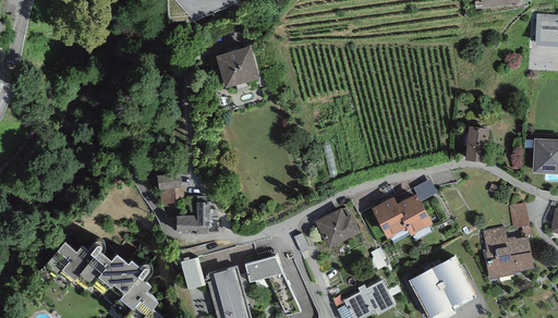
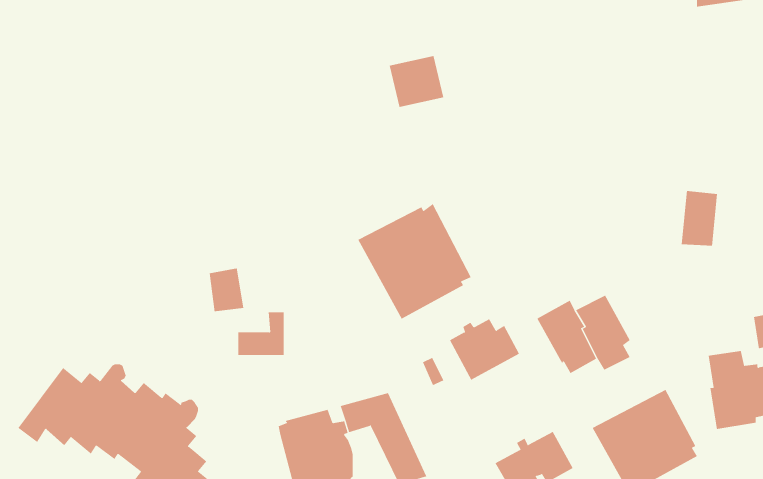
building: [220,50,256,84] -> [389,55,444,108]
building: none -> [358,203,471,319]
building: [181,258,205,289] -> none

